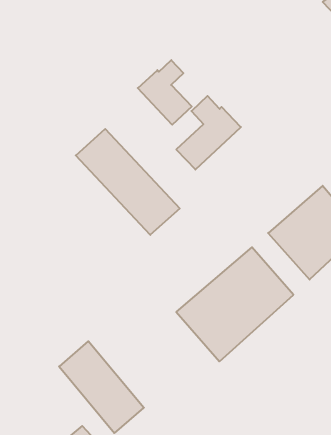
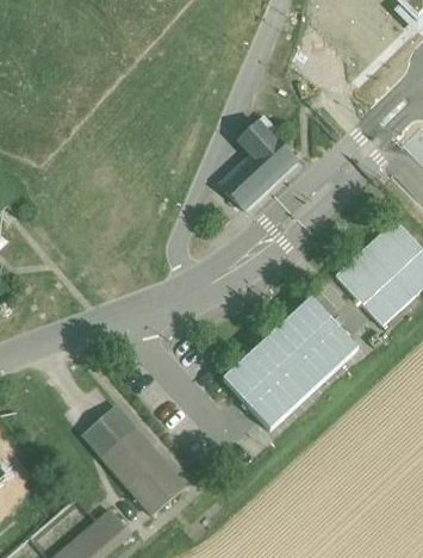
building: [138,60,192,125] -> none
building: [76,129,180,235] -> none

